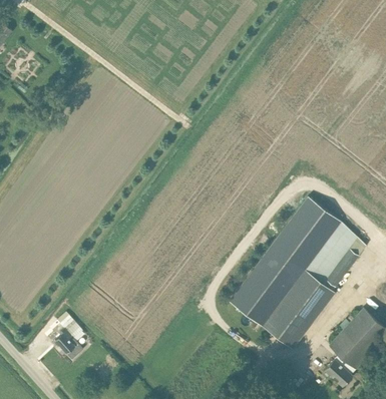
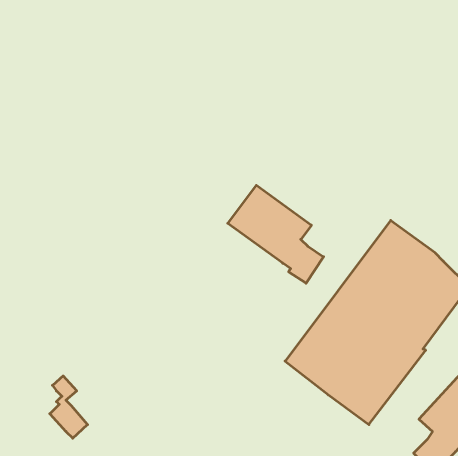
building: none -> [228,185,324,283]

